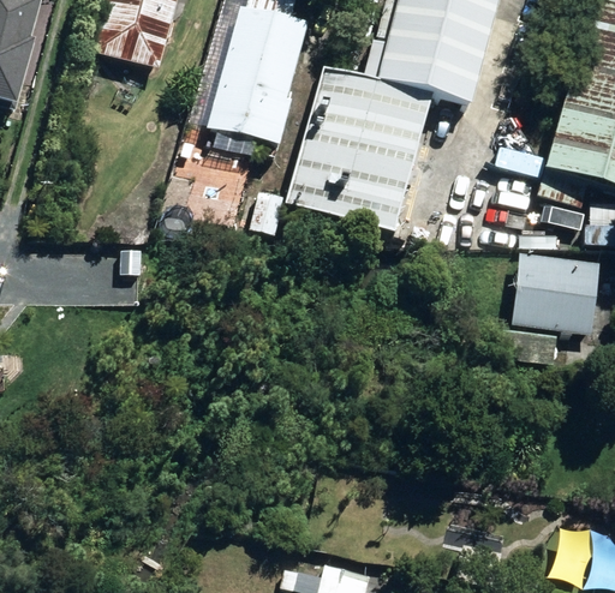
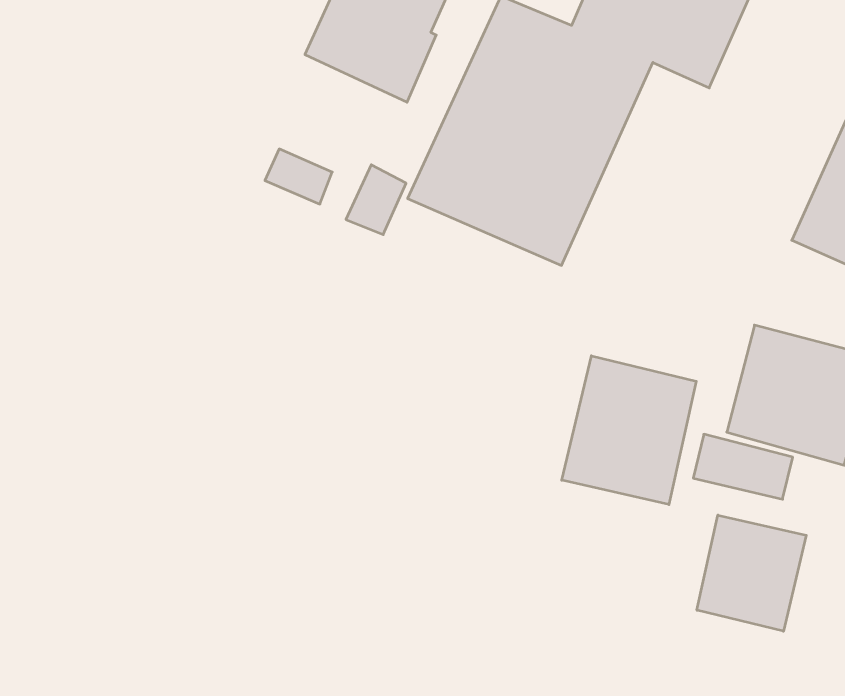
building: none -> [562,356,696,505]
building: none -> [697,515,806,631]

